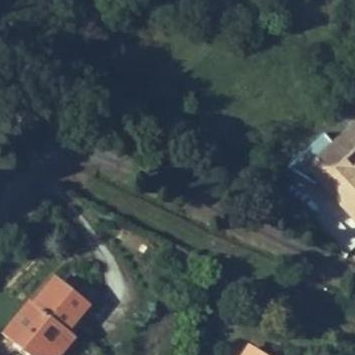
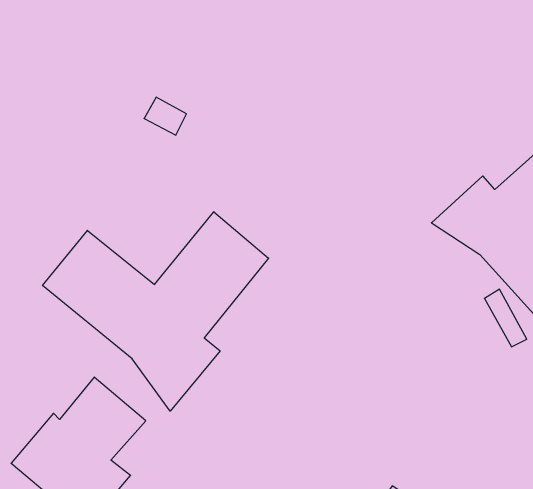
building: none -> [43,212,269,411]

